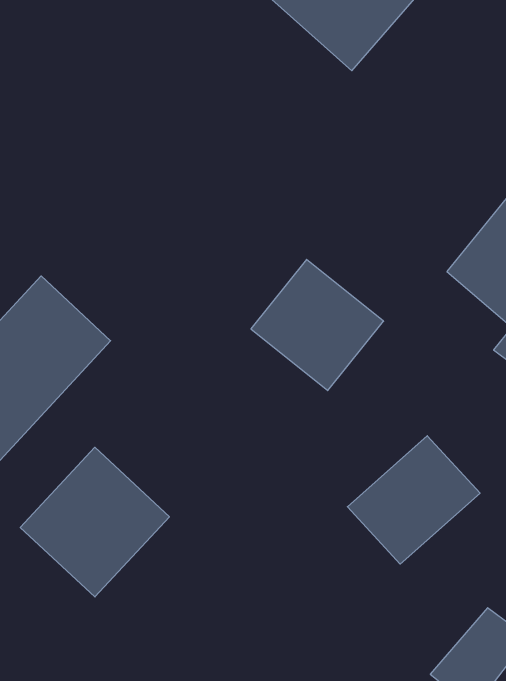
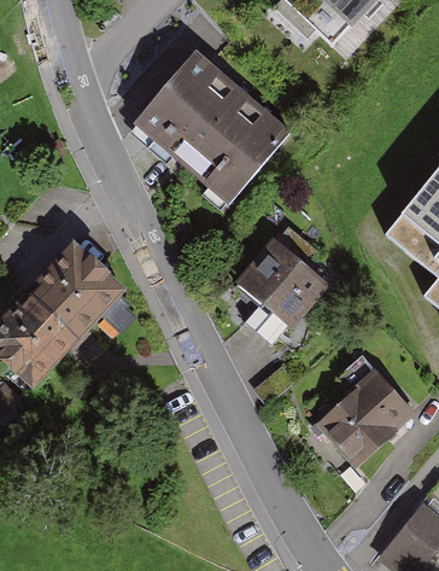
building: none -> [133,47,294,205]
building: [20,447,169,597] -> none

